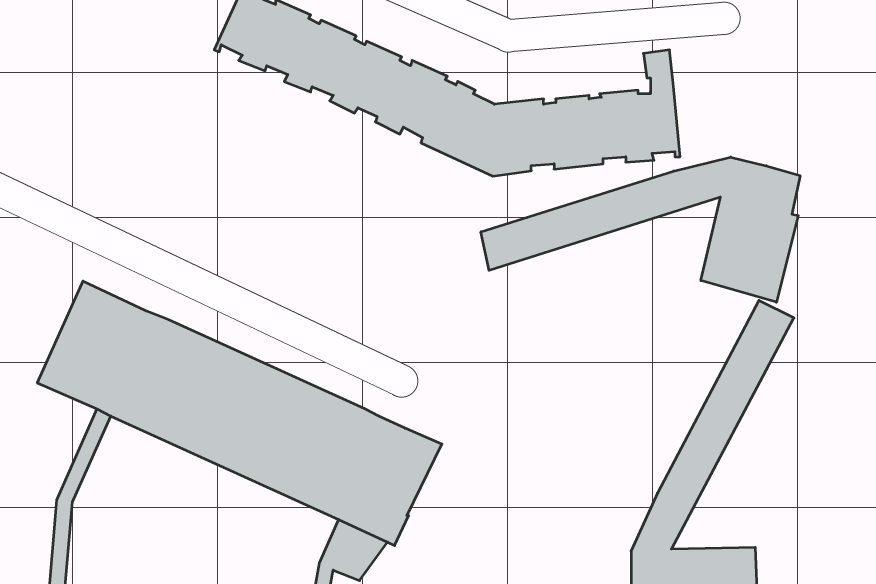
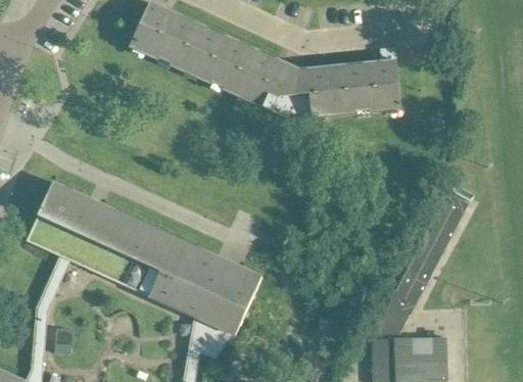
building: [481,157,800,302] -> none

